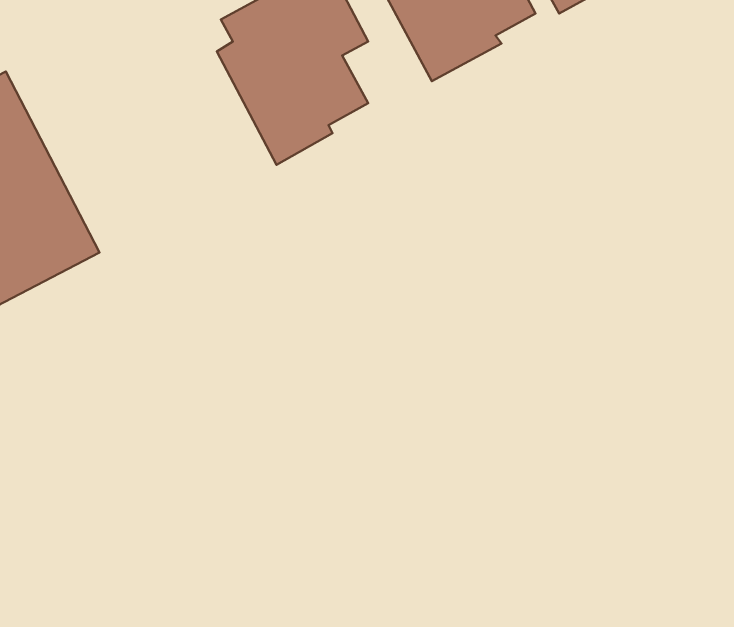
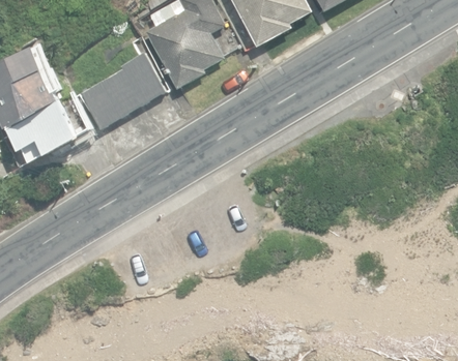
building: none -> [78,52,166,128]

